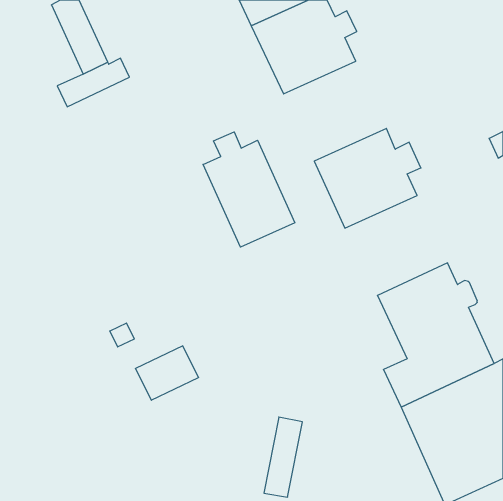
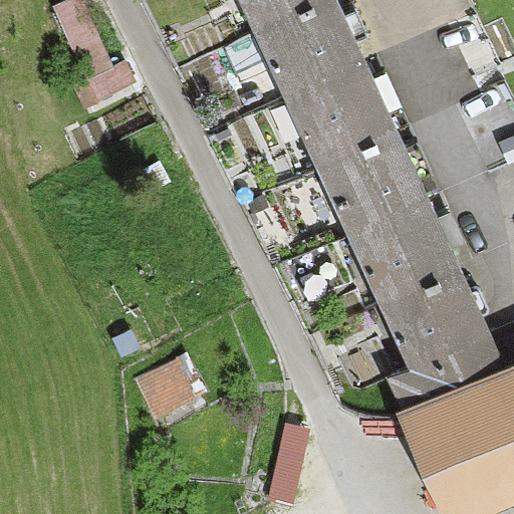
building: none -> [288,66,396,168]
building: [203,132,295,247] -> none
building: none -> [350,203,458,304]

